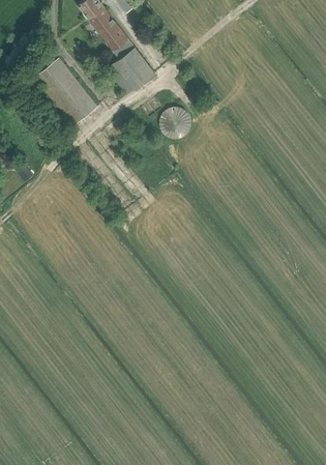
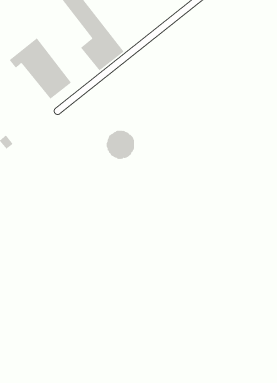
building: [158,106,190,138] -> [106,130,135,159]

